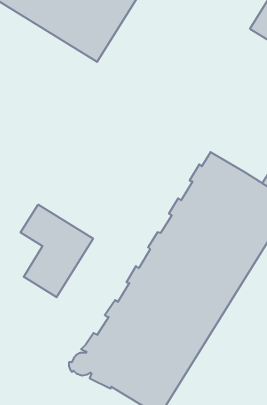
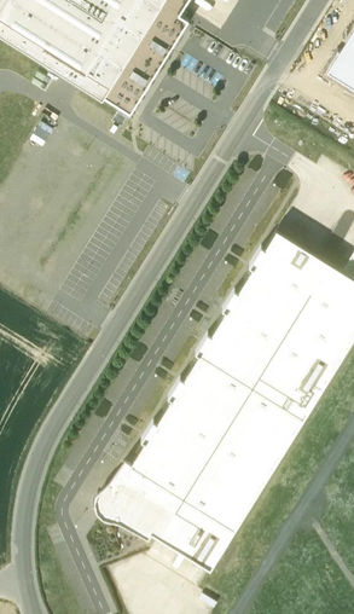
building: [21,205,93,297] -> none

